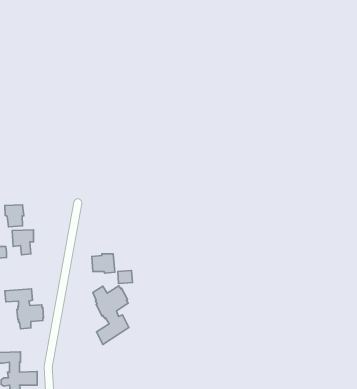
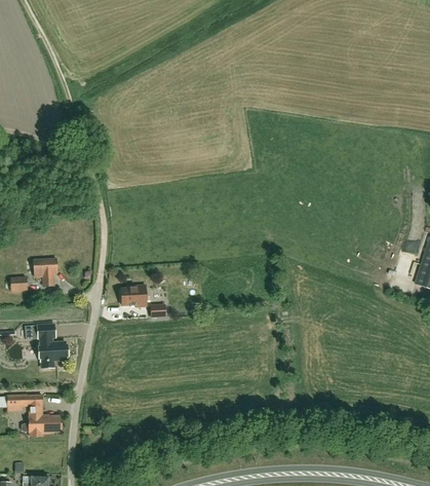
building: [5,205,24,227] -> none
building: [93,286,129,344] -> none

